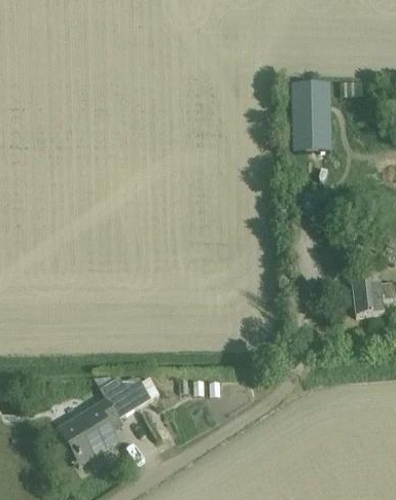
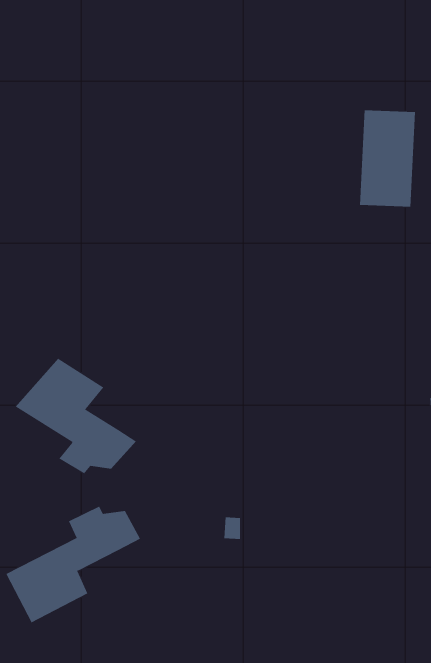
building: none -> [15,358,137,474]

